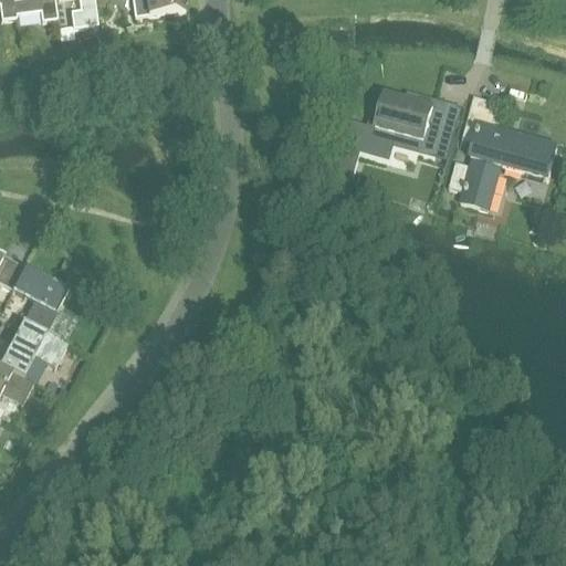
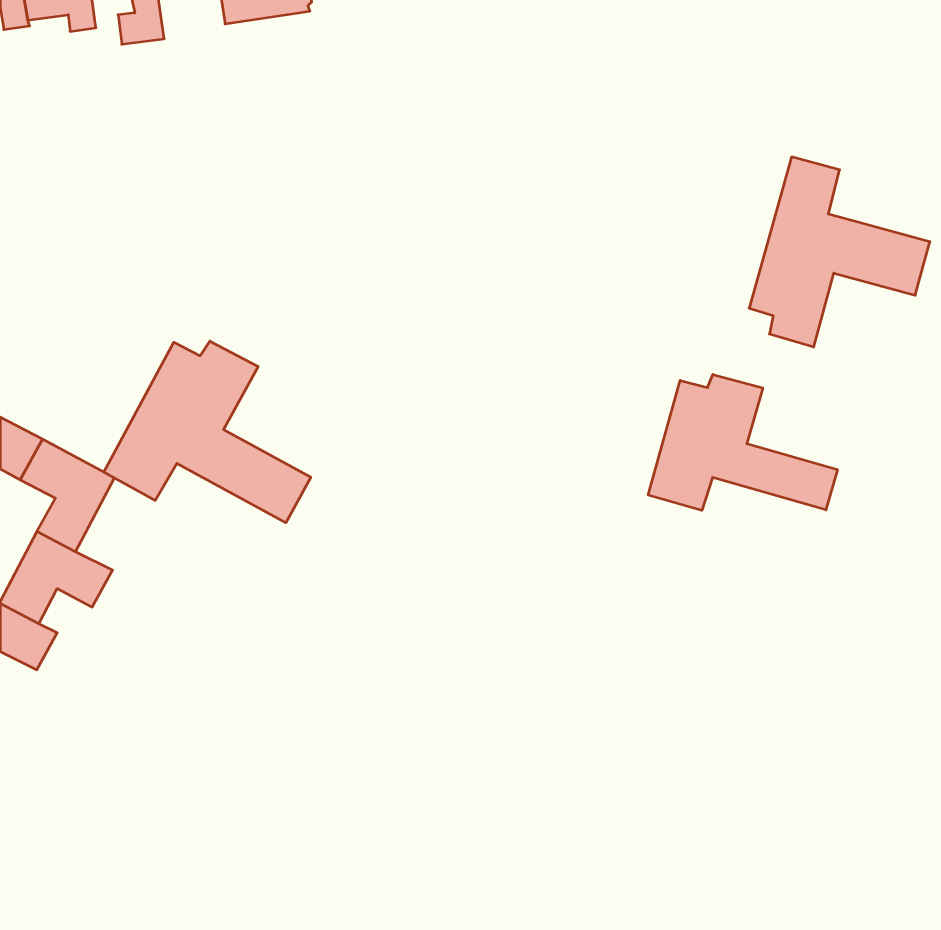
building: [357,92,458,163] -> none
building: none -> [104,341,311,523]
building: none -> [648,374,837,510]

